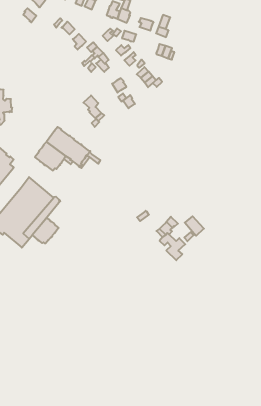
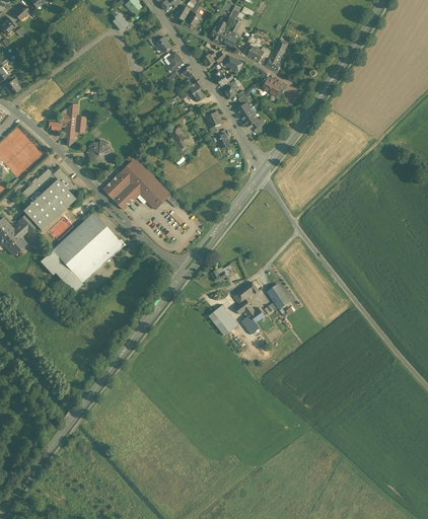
building: none -> [88,140,113,165]
building: [32,218,59,243] -> none
building: none -> [209,305,238,336]

